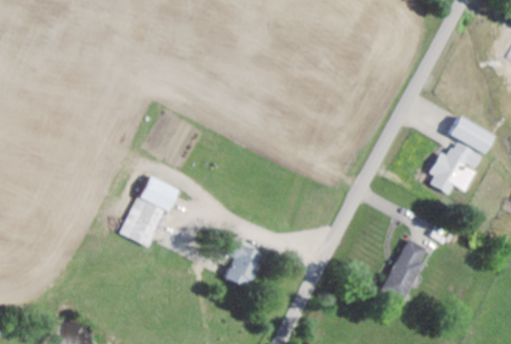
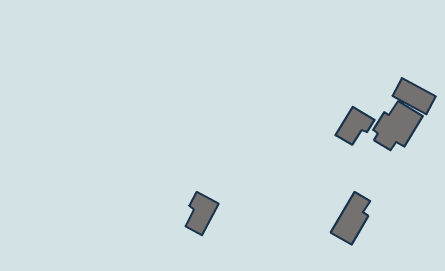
building: none -> [335,107,375,145]
building: [122,176,179,247] -> none

